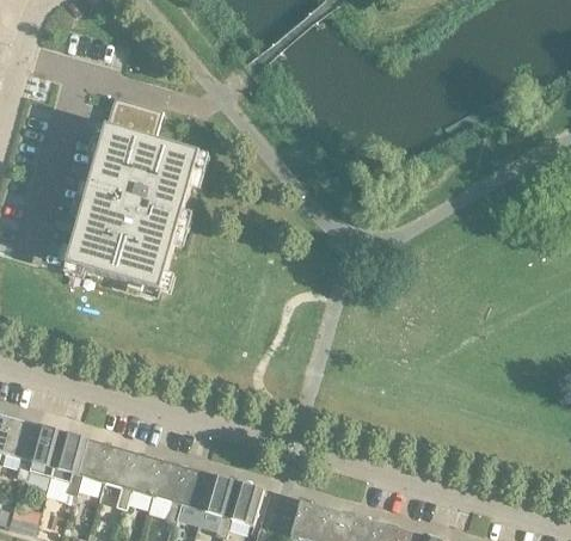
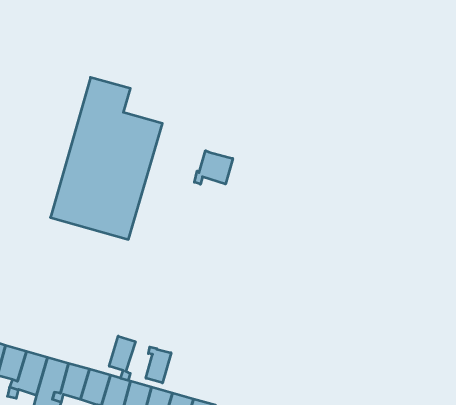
building: none -> [194,151,233,184]
building: none -> [109,336,135,380]
building: none -> [146,347,171,383]

